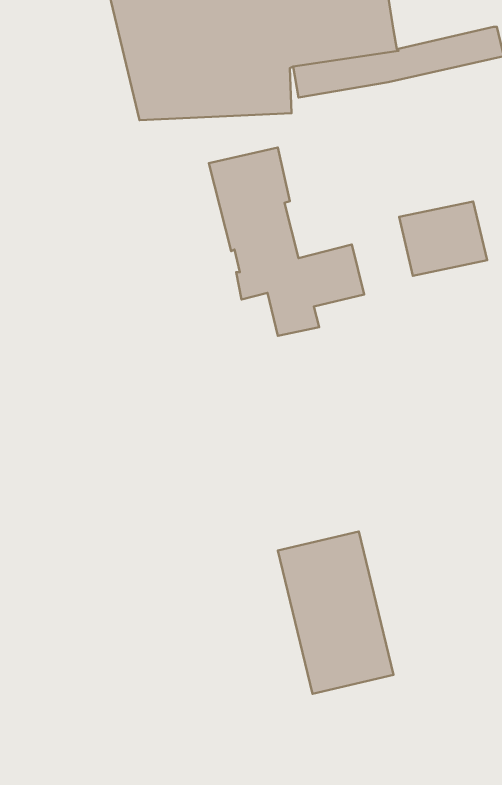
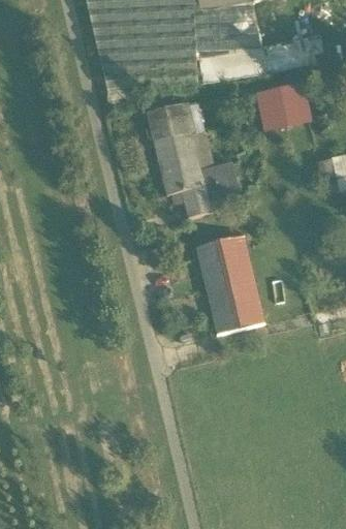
building: [399,201,487,276] -> [257,84,310,128]
building: [278,531,393,694] -> [195,232,264,330]

